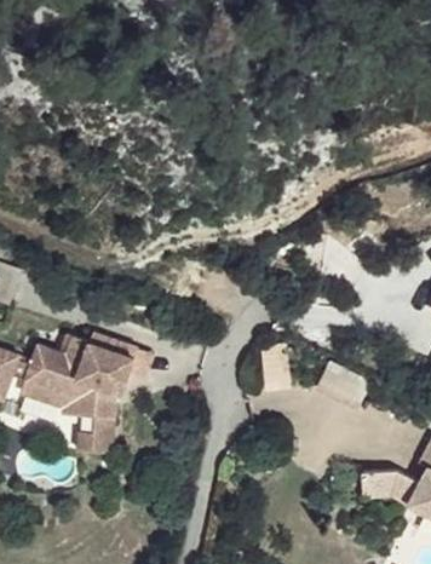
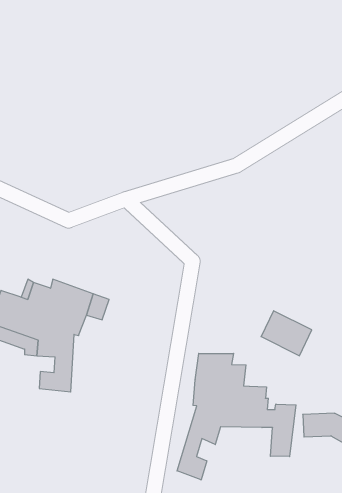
building: none -> [177,353,296,480]

